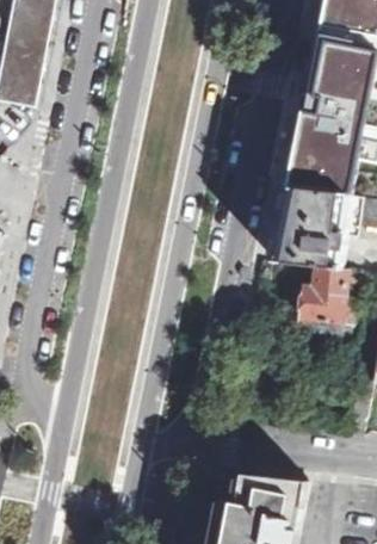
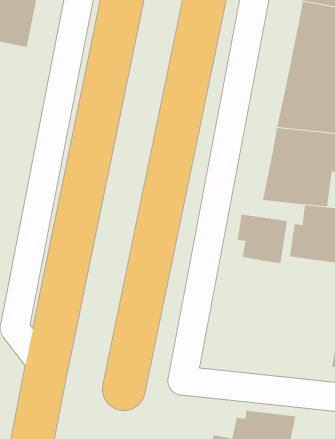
building: none -> [237,214,288,264]

